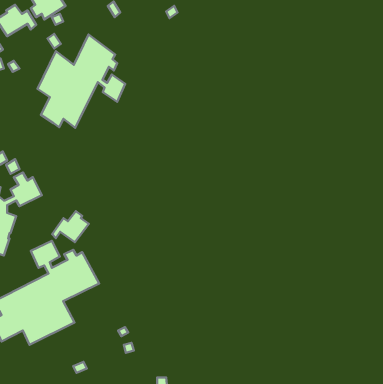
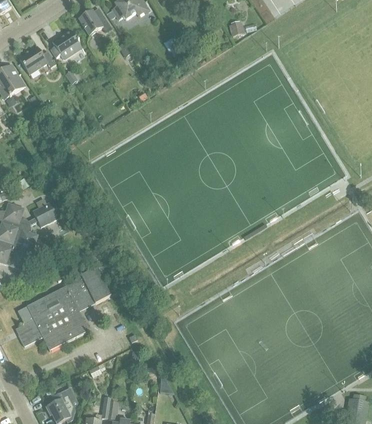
building: [38,35,125,128] -> none
building: [52,211,89,242] -> none

